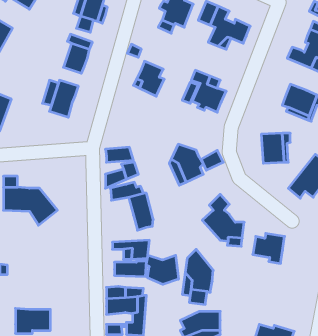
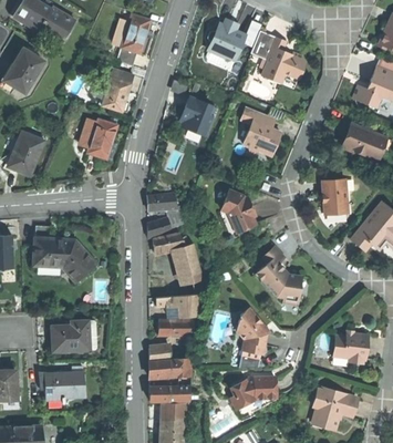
building: [253,233,285,263] -> [332,331,368,364]
building: [146,255,178,284] -> none
building: none -> [55,321,93,350]

